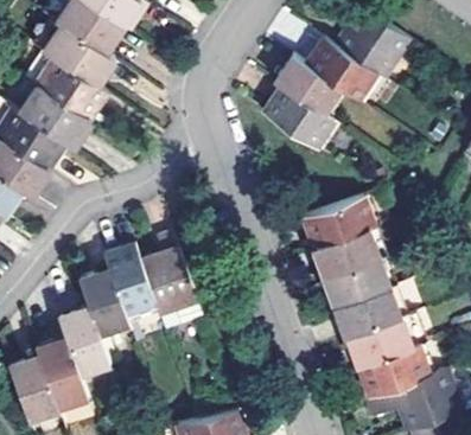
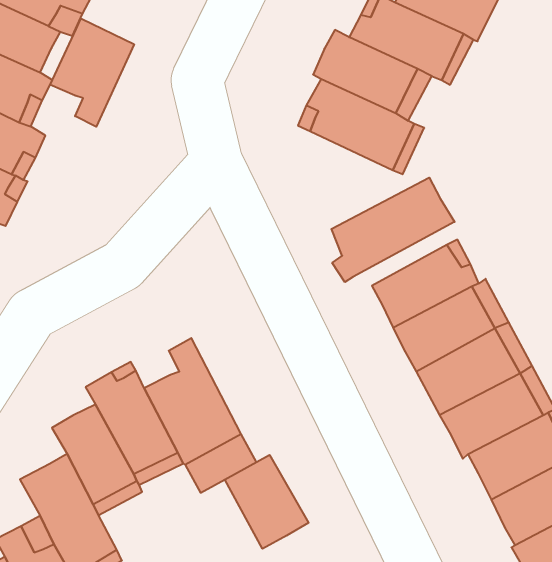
building: none -> [50,19,134,127]
building: none -> [331,178,455,282]
building: none -> [225,455,309,549]

